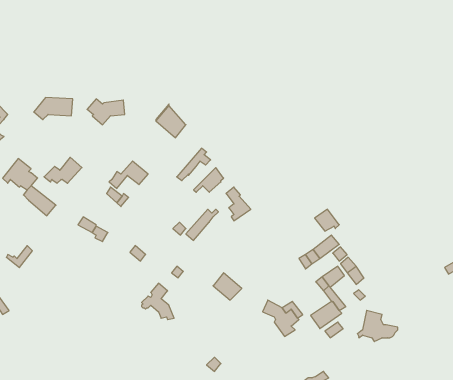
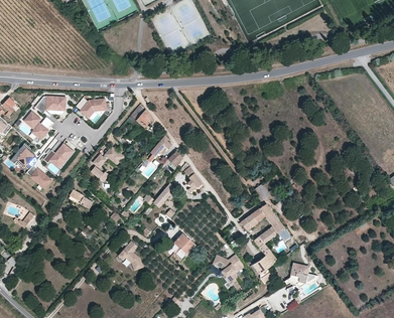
building: none -> [23,112,52,139]

